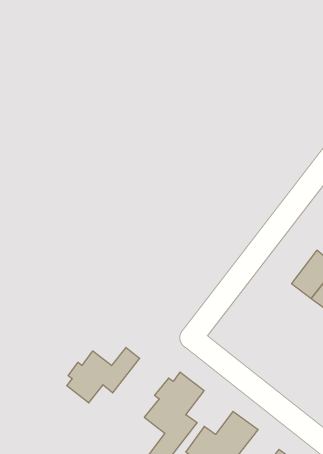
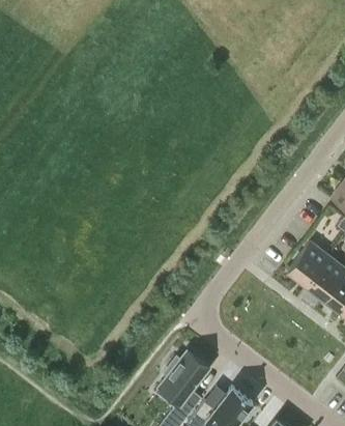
building: [67,347,140,403] -> none

